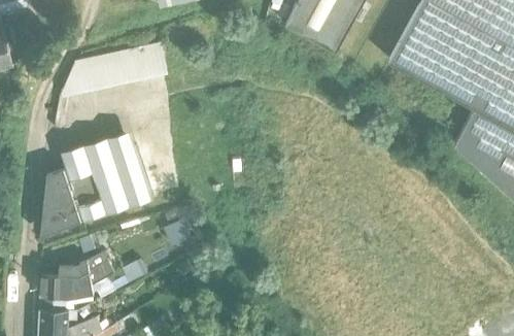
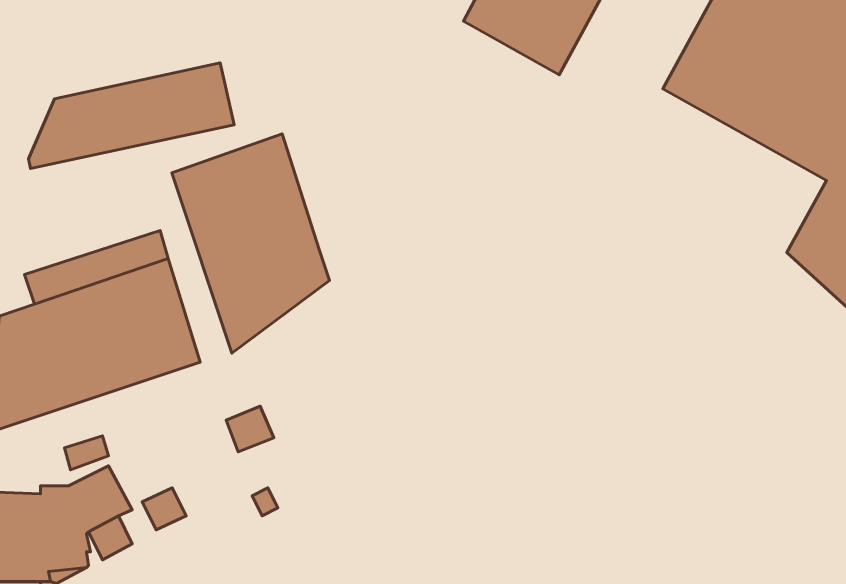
building: none -> [172,134,330,353]

